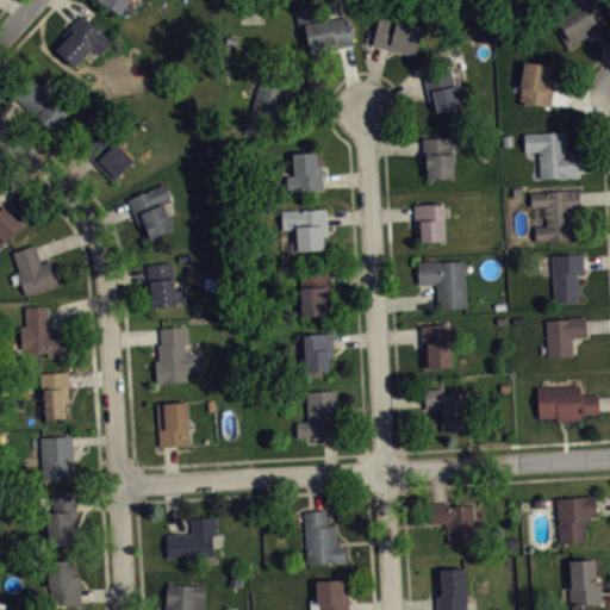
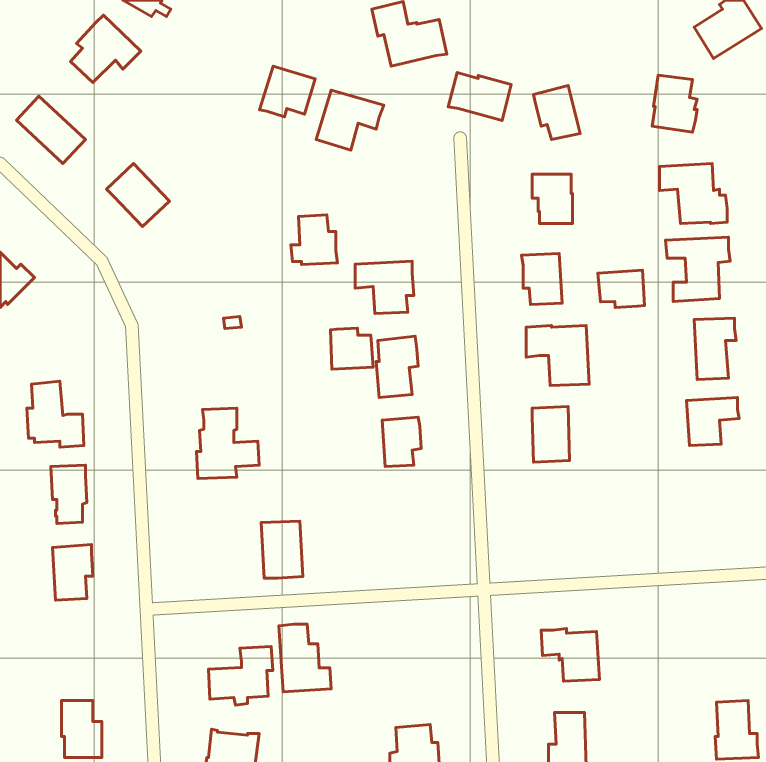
building: [373,20,423,58] -> [448,72,511,120]
building: none -> [259,66,315,117]
building: [287,154,324,193] -> [291,215,337,264]
building: [127,186,175,241] -> none
building: none -> [598,270,645,308]
building: [11,248,60,298] -> none
building: none -> [330,328,373,369]
building: [148,264,186,310] -> none
building: [536,386,599,423] -> none
building: [425,390,468,432] -> none
building: [295,391,338,440] -> none
building: [157,403,191,448] -> [261,521,303,578]
building: [48,496,77,547] -> none
building: [555,497,597,546] -> none
building: [303,511,344,565] -> [279,624,331,692]

